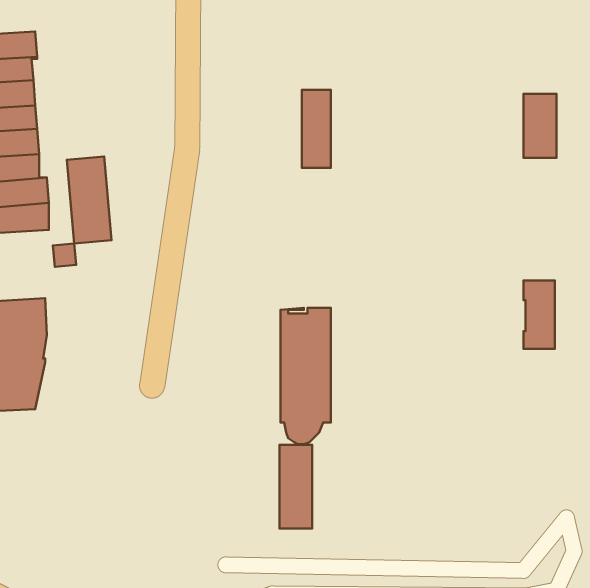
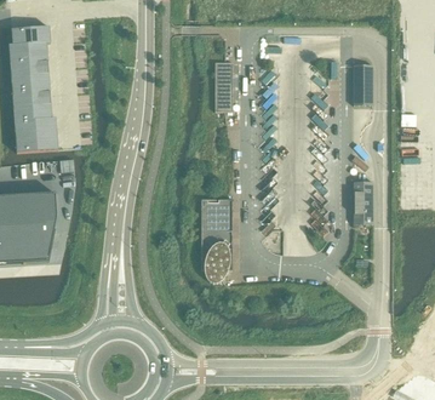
building: [67,157,112,244] -> none
building: [279,445,312,528] -> none

